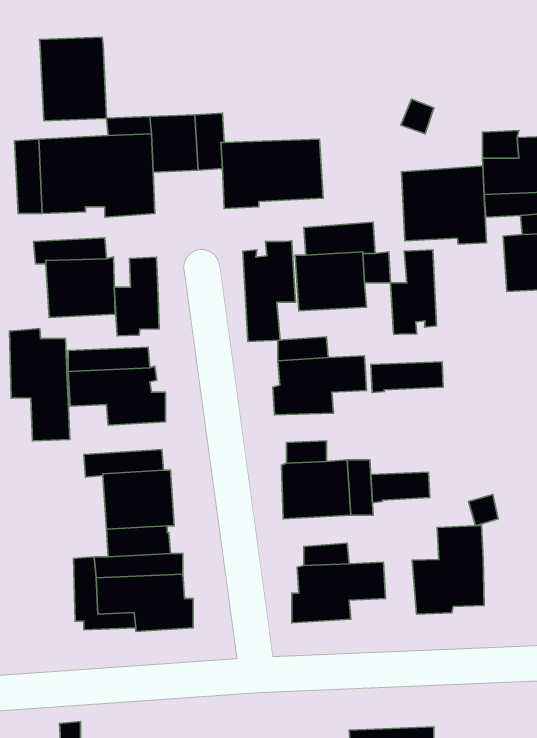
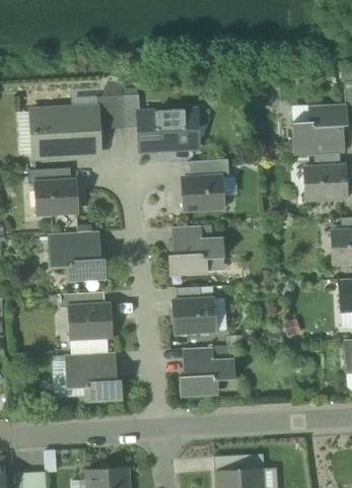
building: [39,37,106,121] -> none
building: [402,166,487,244] -> none
building: [243,241,296,341] -> none
building: [391,250,437,335] -> none
building: [114,257,159,336] -> none
building: [10,329,70,441] -> none
building: [371,362,443,393] -> none
building: [371,472,430,503] -> none
building: [412,525,484,614] -> none

